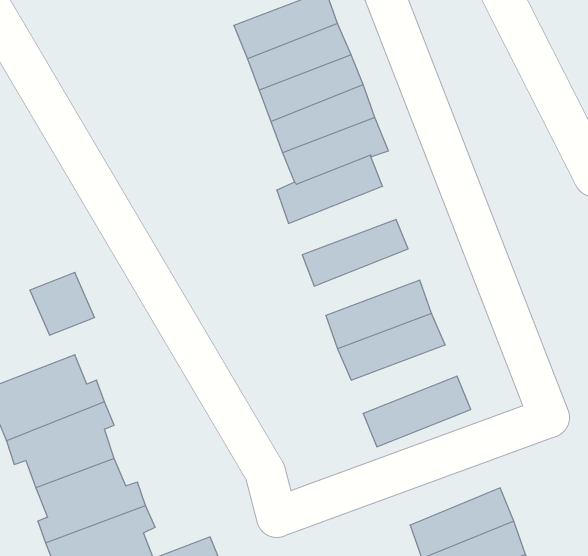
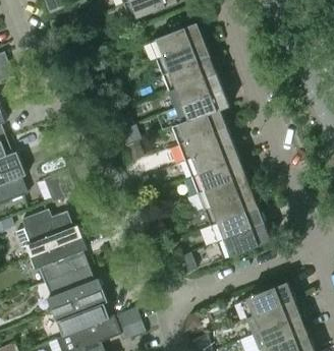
building: none -> [177,124,233,160]
building: none -> [190,157,245,191]
building: none -> [210,207,265,242]

